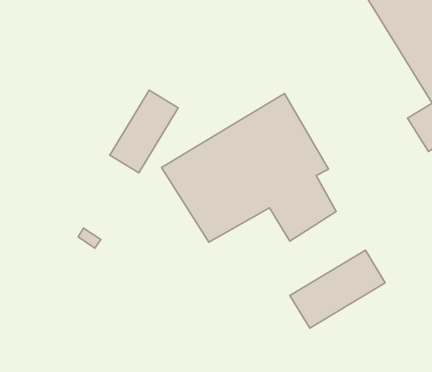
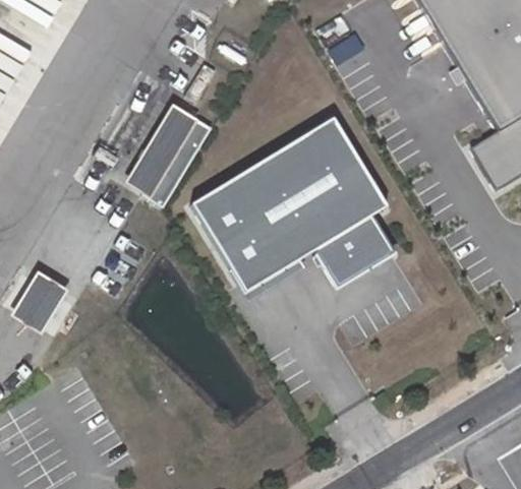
building: none -> [15,277,69,335]
building: [290,250,385,328] -> none

